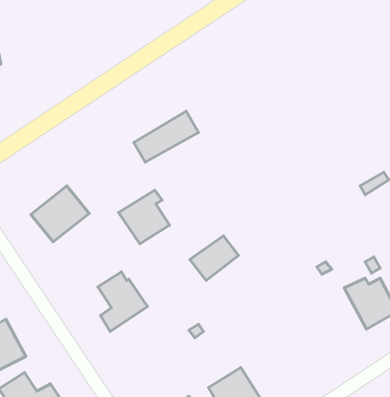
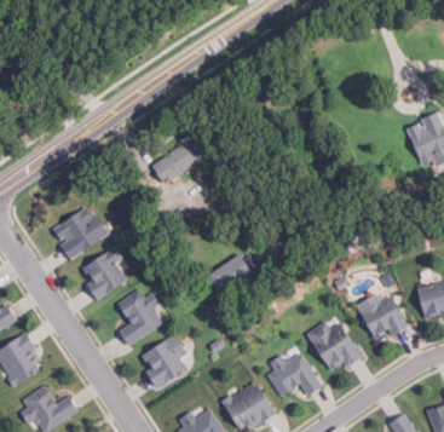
building: [119,190,170,244] -> [79,247,128,299]
building: none -> [307,321,362,374]
building: none -> [139,335,188,387]
building: none -> [266,351,323,398]

